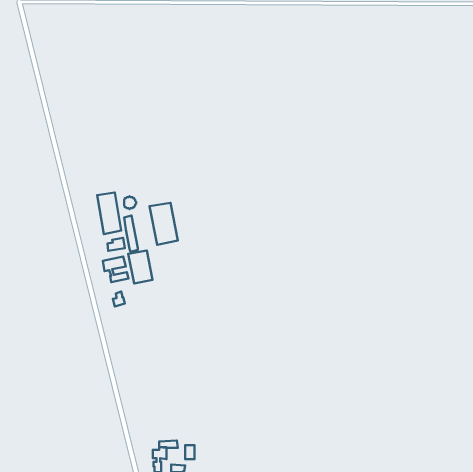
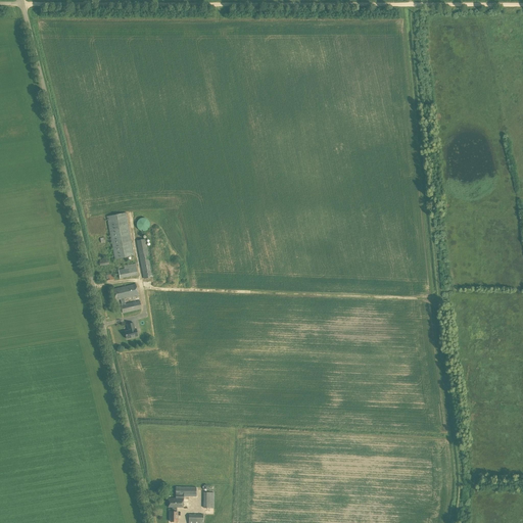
building: [150,203,178,245] -> none
building: [128,251,153,284] -> none

